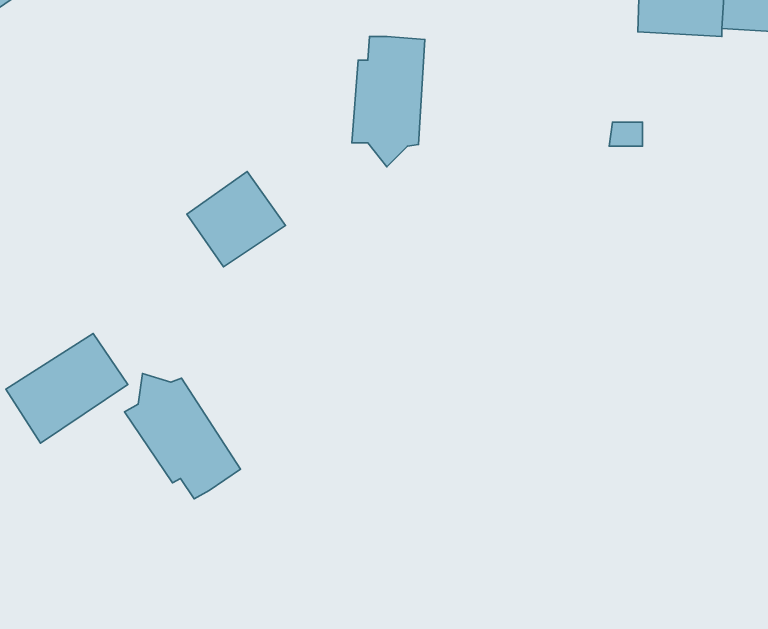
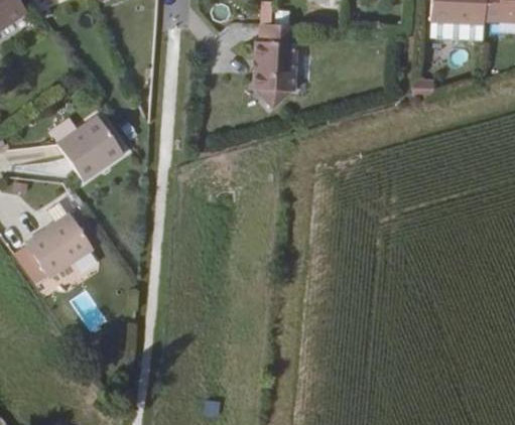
building: [187,171,285,267] -> [62,105,125,165]
building: [125,374,241,499] -> none

